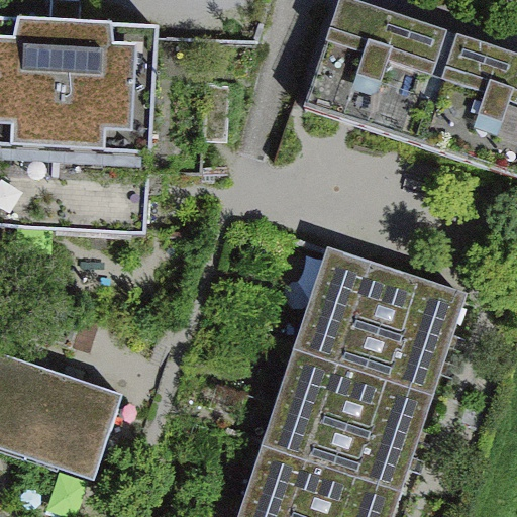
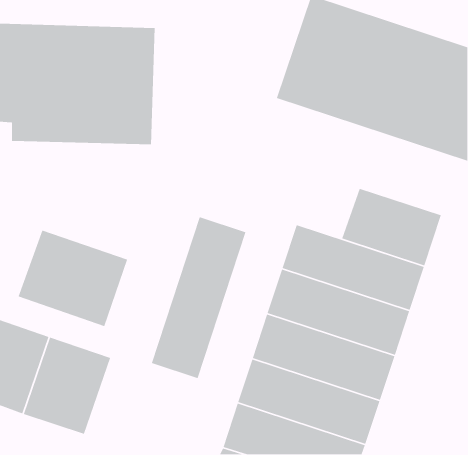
building: none -> [341,188,442,267]
building: none -> [151,216,247,379]
building: none -> [18,230,128,327]

